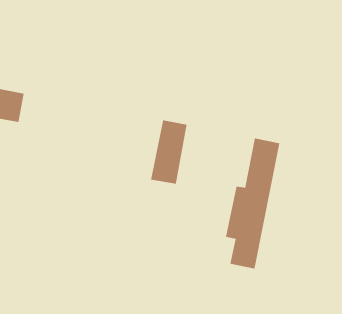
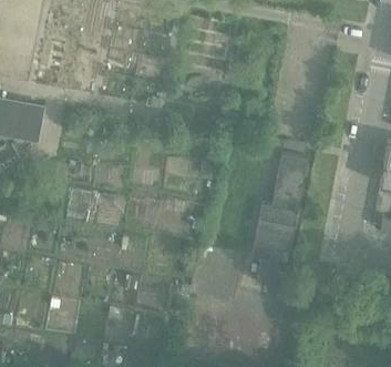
building: [150,119,187,185] -> none

